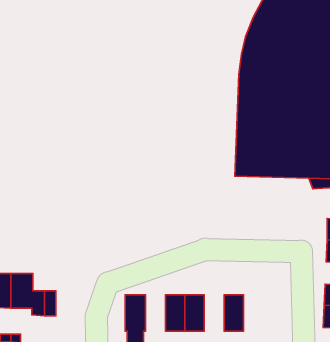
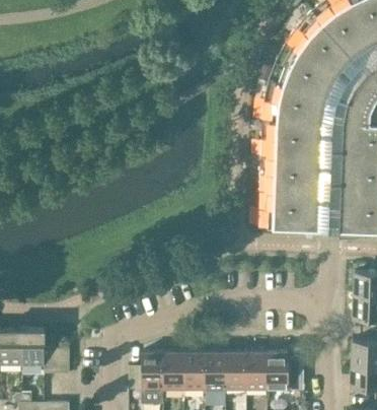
building: none -> [163,353,184,392]
building: none -> [225,353,246,392]
building: none -> [267,353,289,392]

